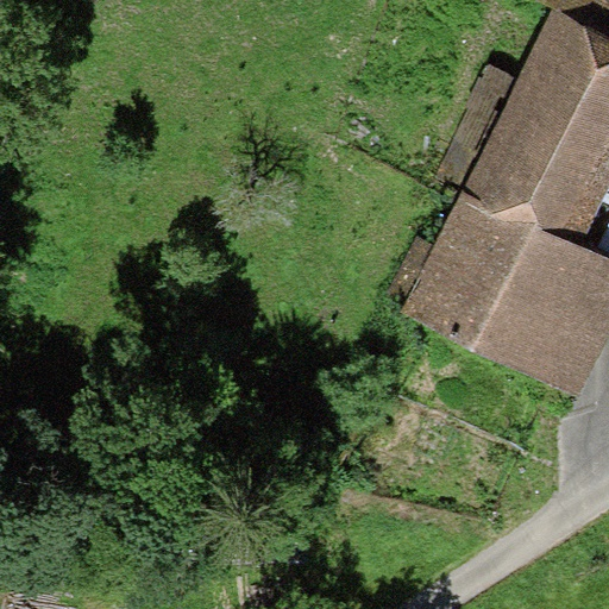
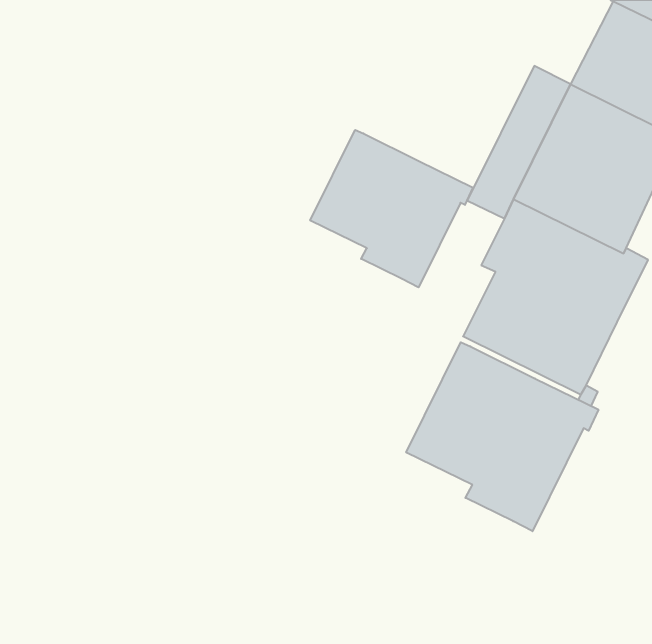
building: none -> [310,130,473,287]
building: none -> [406,342,598,531]

